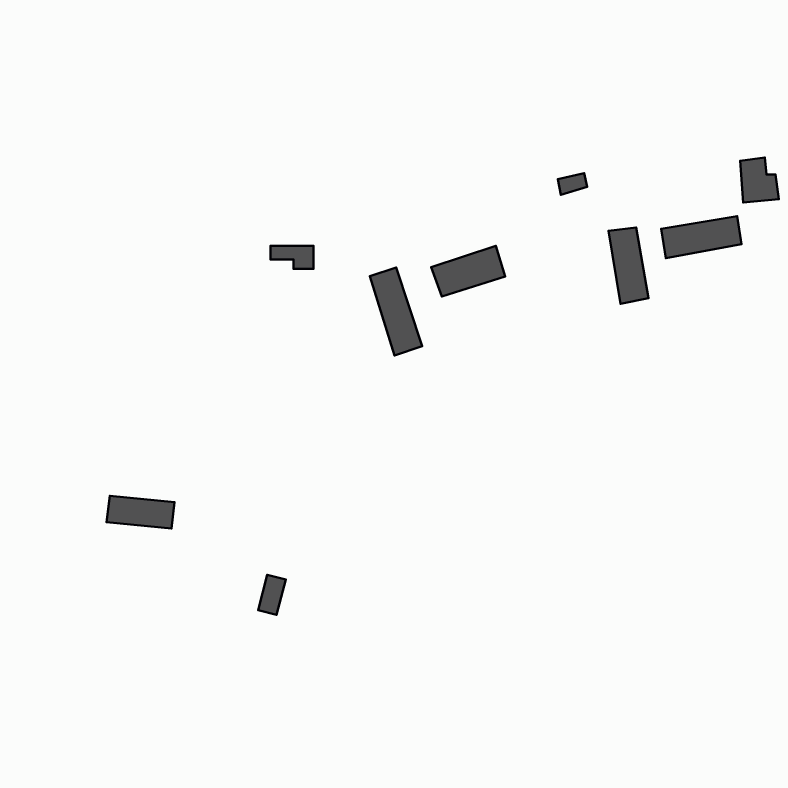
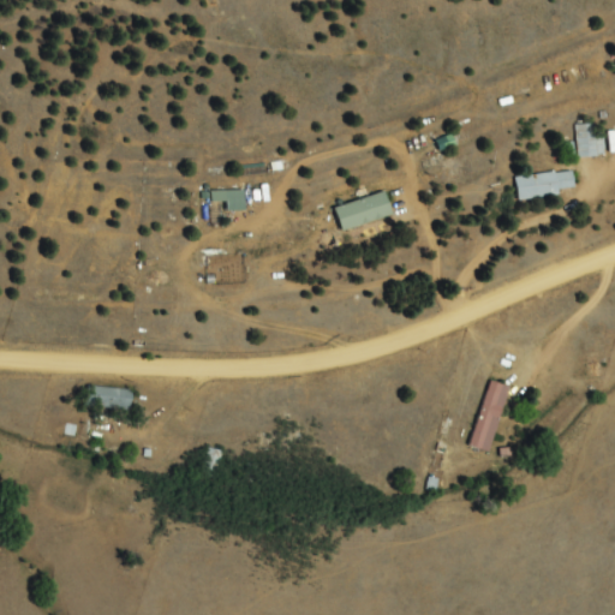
building: [609,228,649,304] -> none
building: [370,268,422,355] -> none
building: none -> [471,380,509,453]

